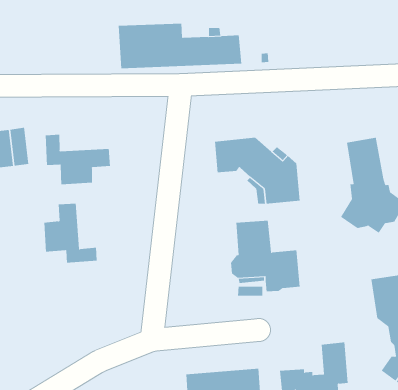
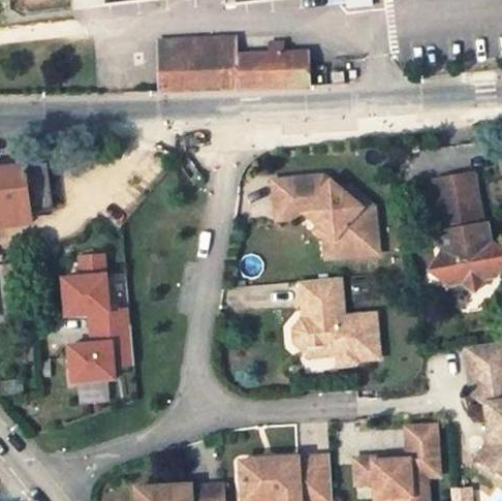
building: [45,134,111,185] -> none
building: none -> [70,325,134,382]

